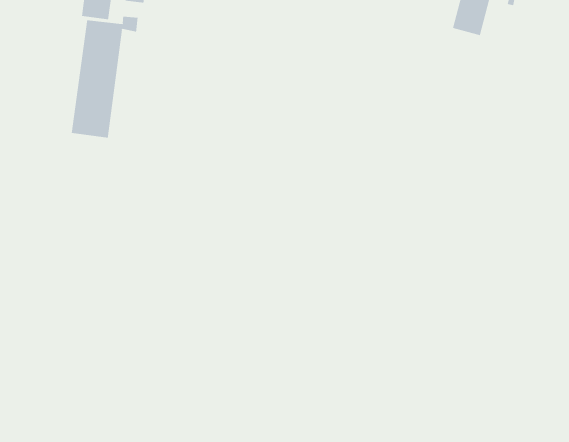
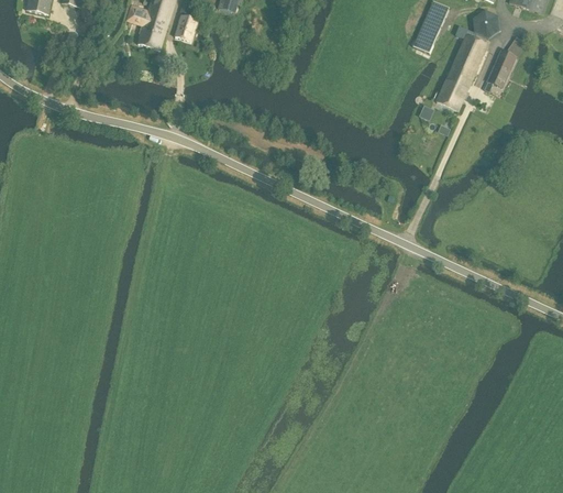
building: [71,16,138,138] -> none

